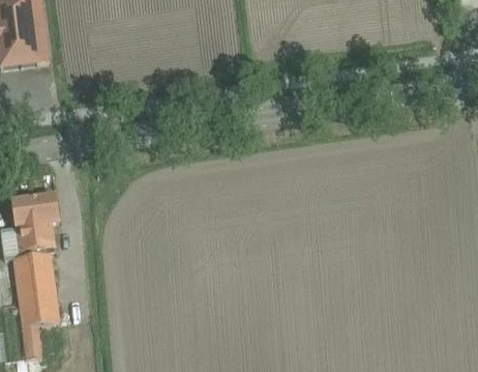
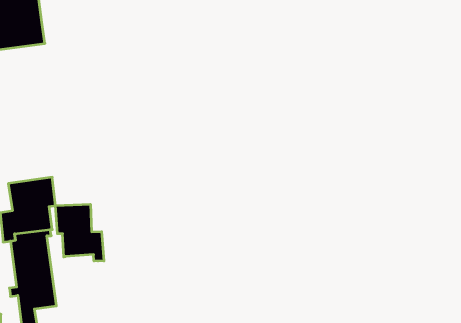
building: none -> [55,204,104,261]

